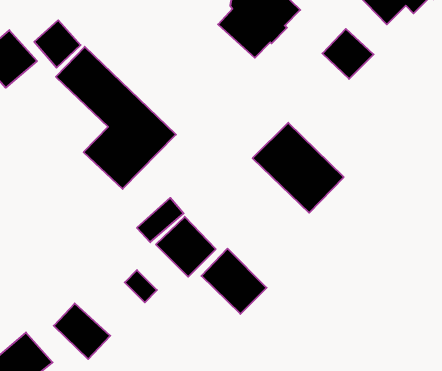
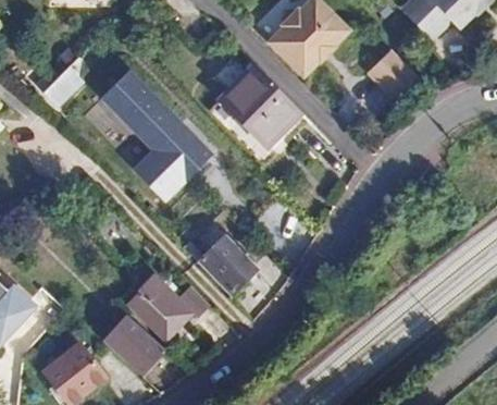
building: [34,20,81,68] -> none
building: [253,123,344,213] -> [215,63,305,151]
building: [201,249,267,314] -> none
building: none -> [125,275,184,339]

